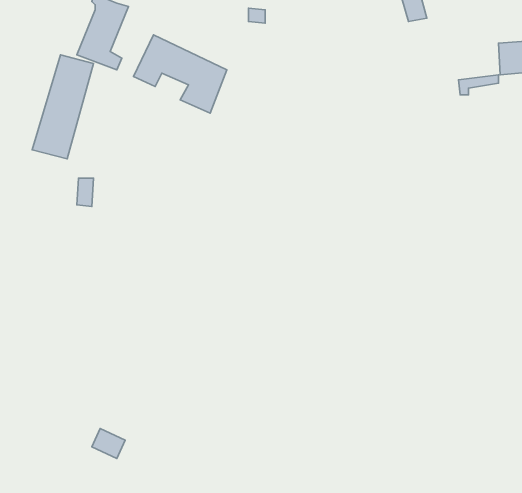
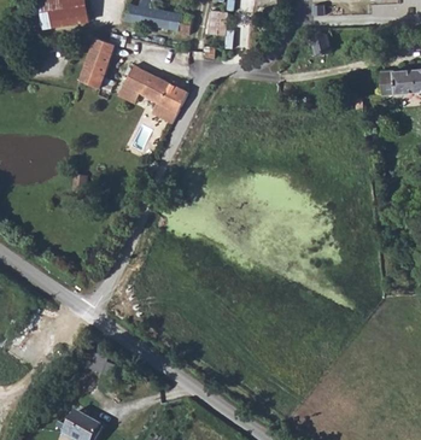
building: [32,55,94,159] -> none

